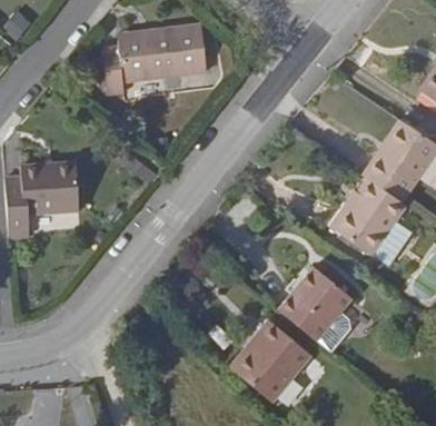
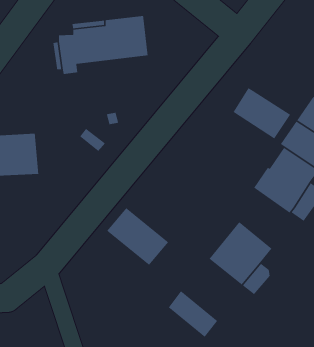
building: none -> [233,87,291,140]
building: [239,314,313,383] -> [106,207,169,266]

